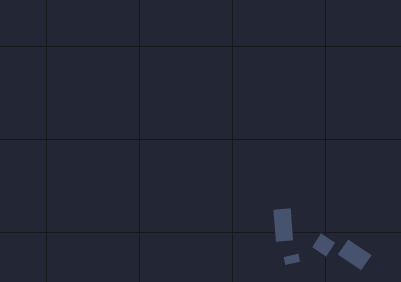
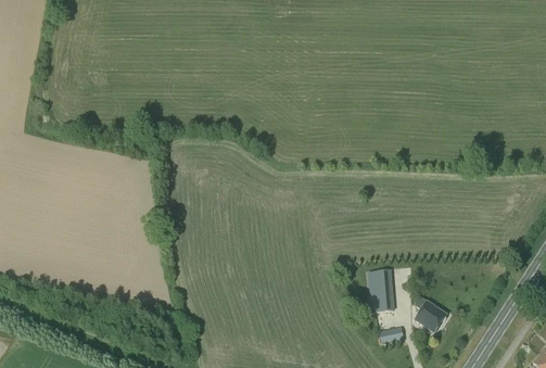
building: [337,239,372,271] -> none

